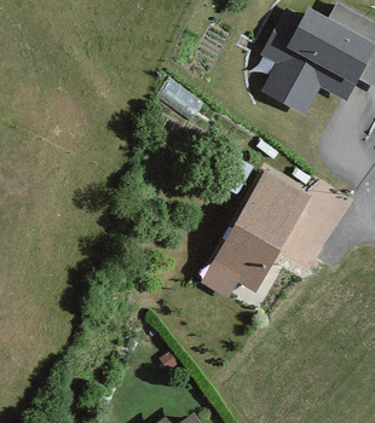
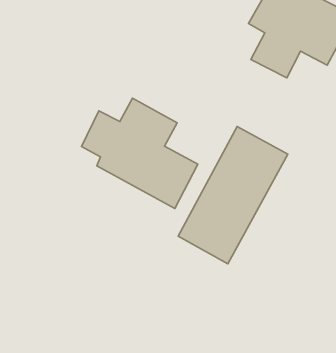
building: none -> [81,98,198,208]

